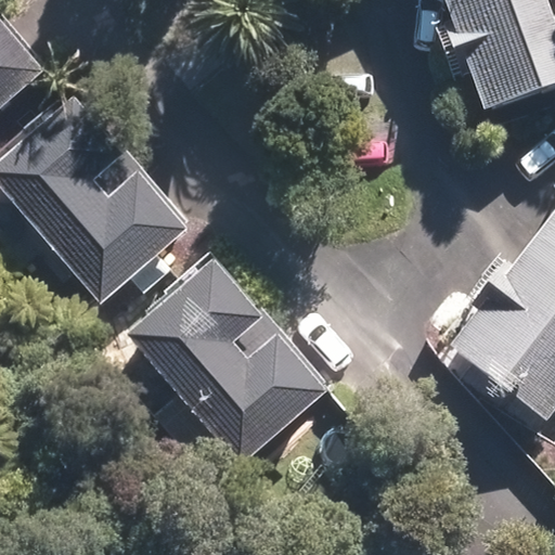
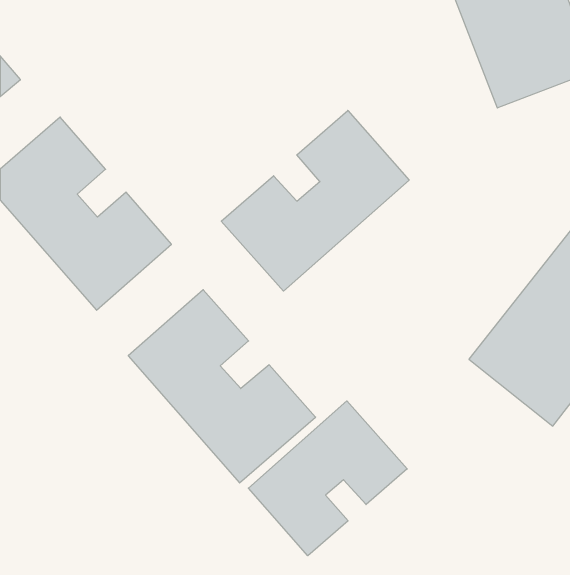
building: none -> [221,110,409,291]
building: none -> [248,401,407,556]

